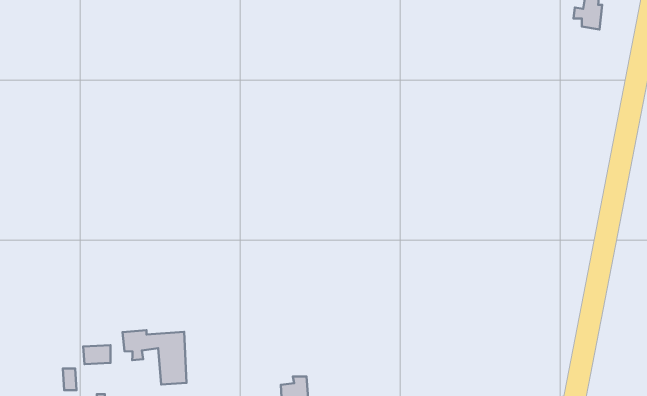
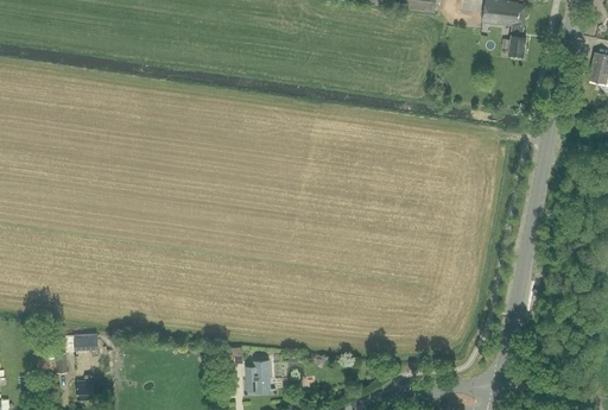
building: [122,330,187,385] -> none

